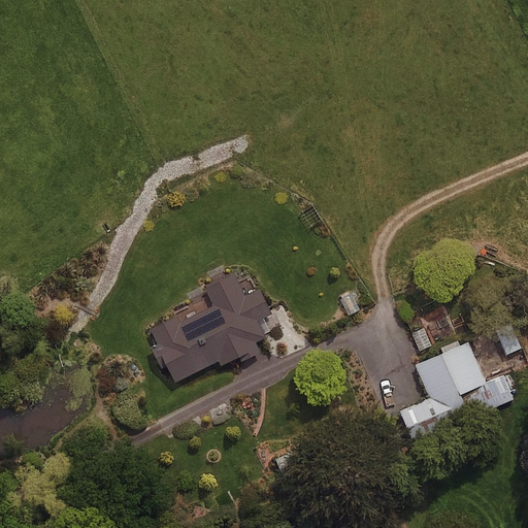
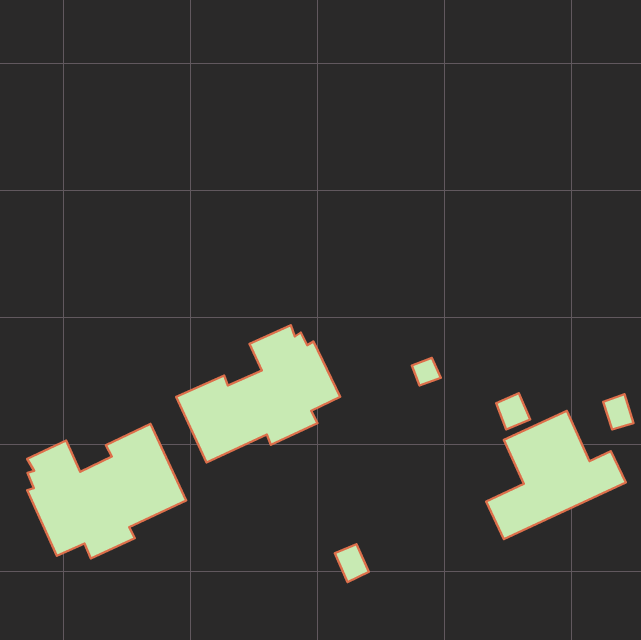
building: none -> [27,424,186,559]

